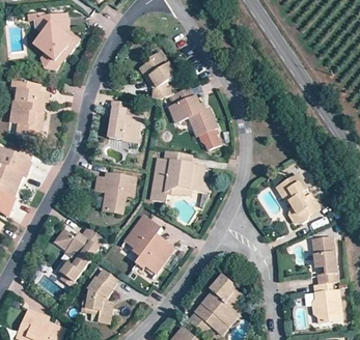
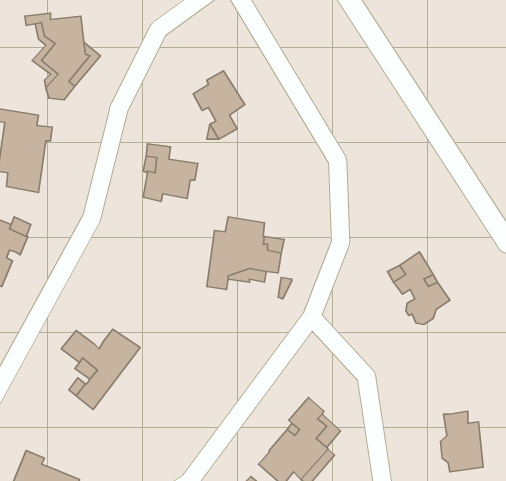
building: [167,86,219,148] -> none
building: [95,173,136,212] -> none
building: [126,216,174,273] -> none
building: [312,238,337,285] -> none
building: [80,268,115,322] -> none

